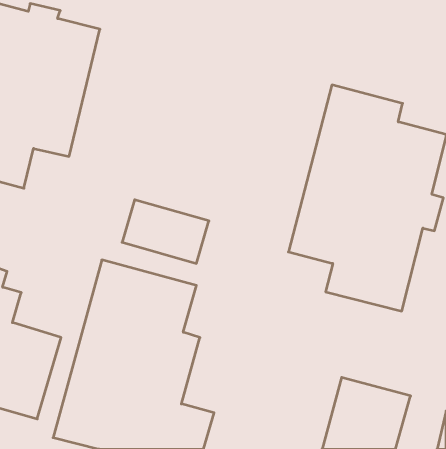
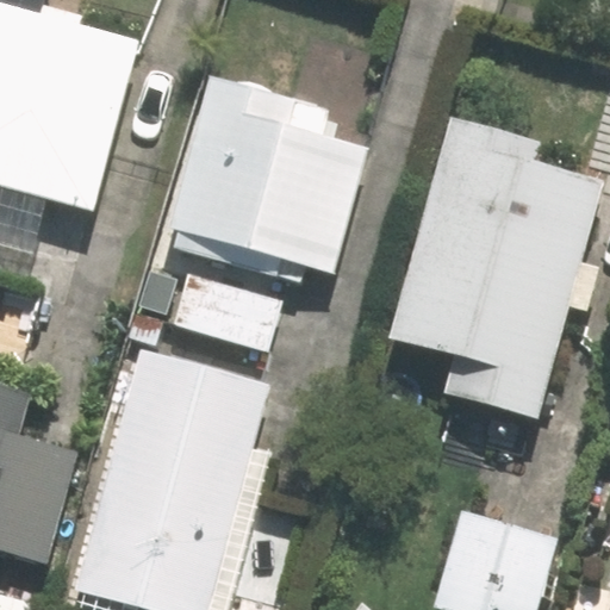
building: none -> [164,77,369,274]

